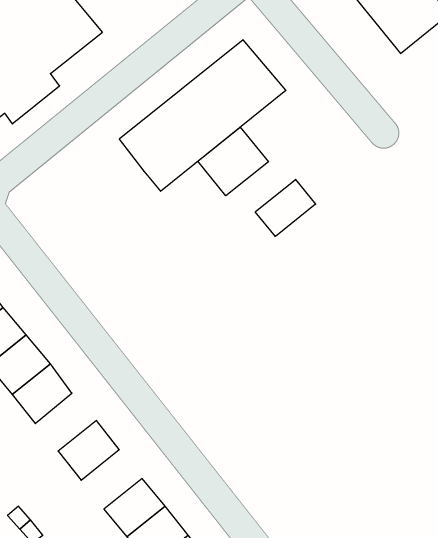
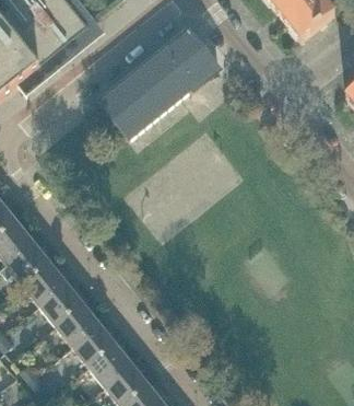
building: [198,127,268,196] -> none
building: [255,179,316,236] -> none
building: none -> [39,282,83,324]
building: none -> [72,323,116,366]

